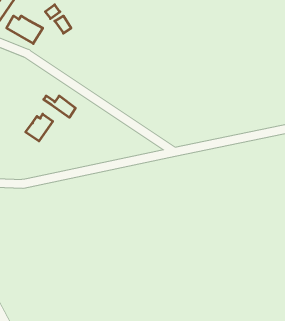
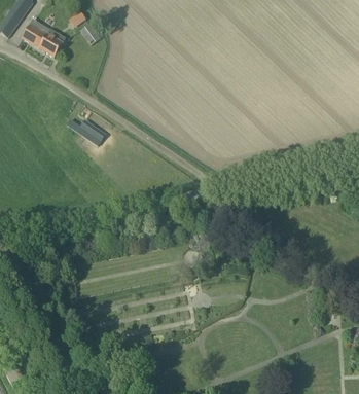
building: [26,114,53,141] -> none

